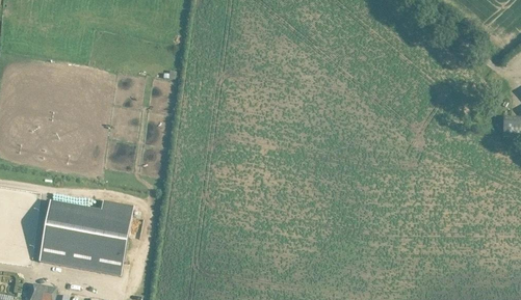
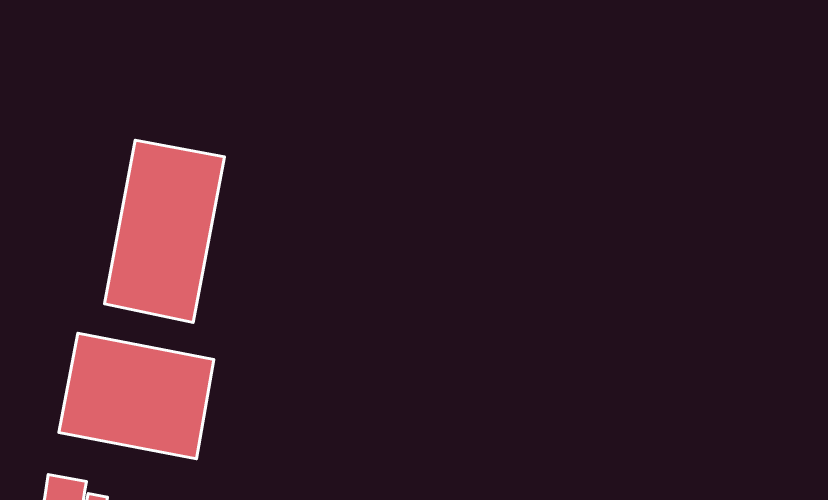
building: none -> [105,140,225,322]

